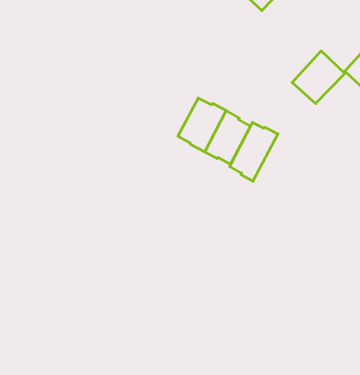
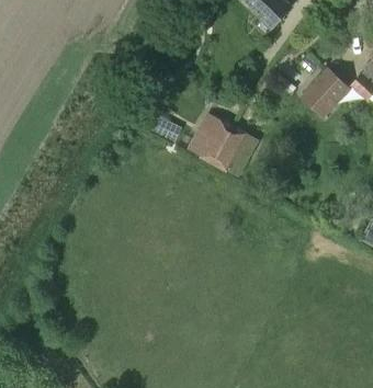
building: [230,122,278,181] -> none

